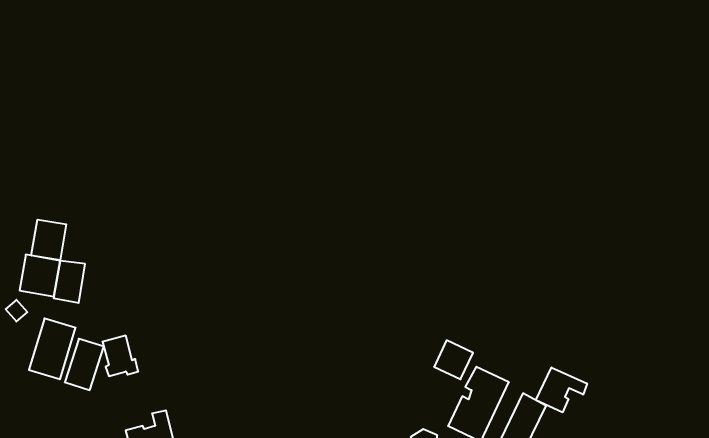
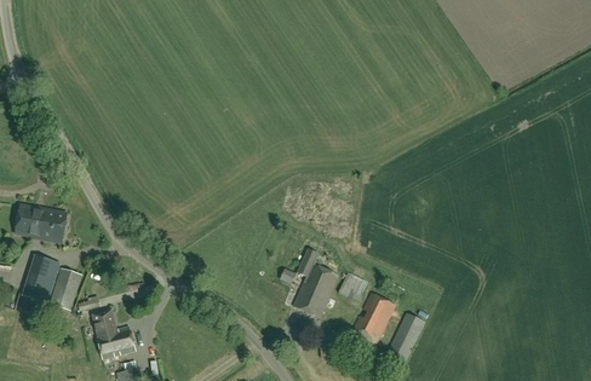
building: [31,220,66,260] -> none
building: none -> [294,248,338,317]
building: [102,336,138,376] -> [93,310,121,341]
building: [536,367,587,412] -> none

